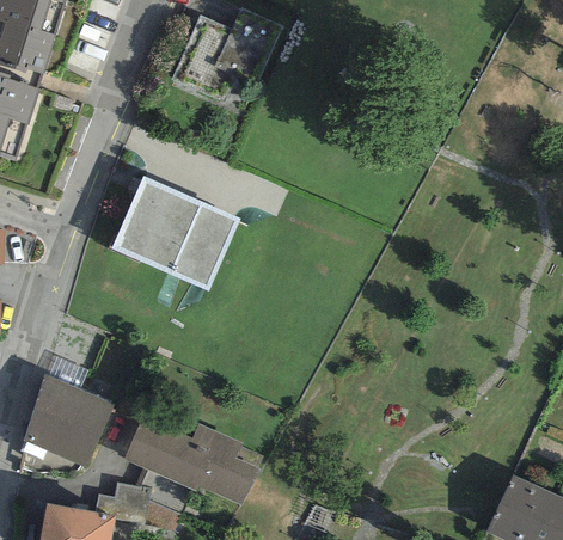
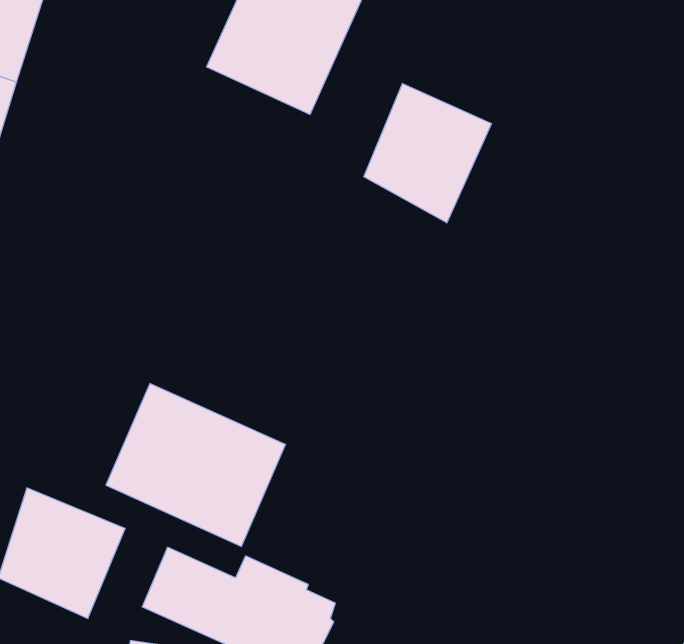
building: none -> [364,83,492,223]
building: [112,177,239,292] -> [106,383,286,546]

